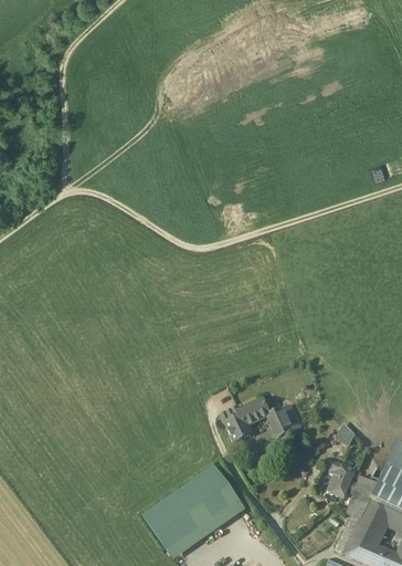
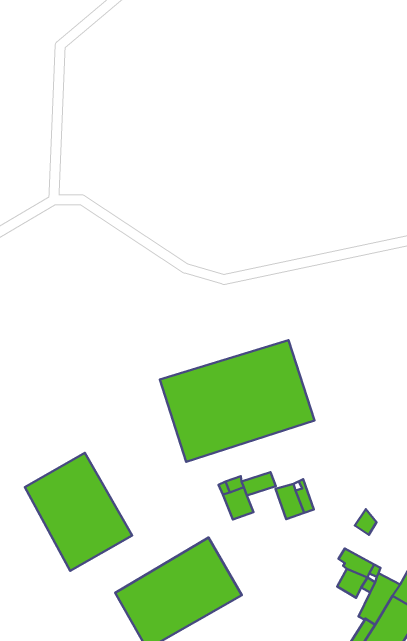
building: none -> [160,340,314,462]
building: none -> [25,453,132,571]

